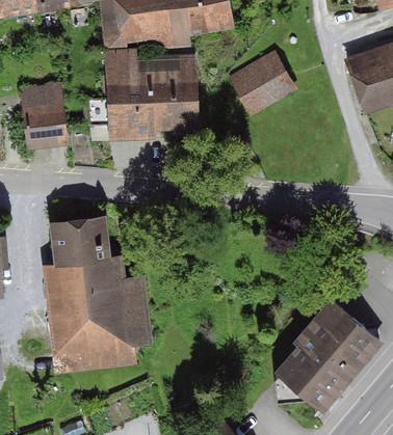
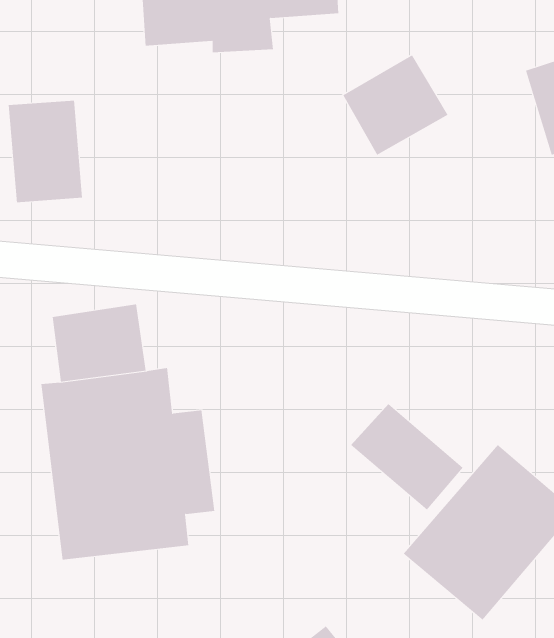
building: [105,48,195,137] -> none
building: none -> [350,403,463,511]

